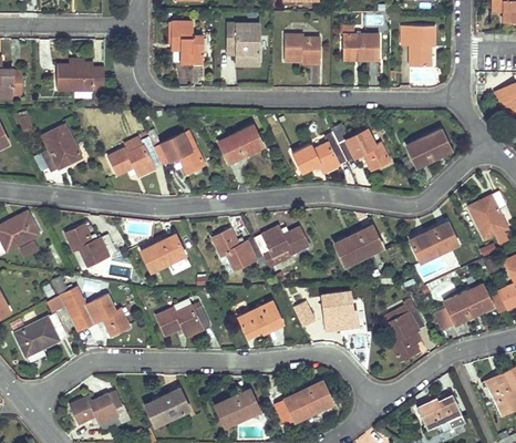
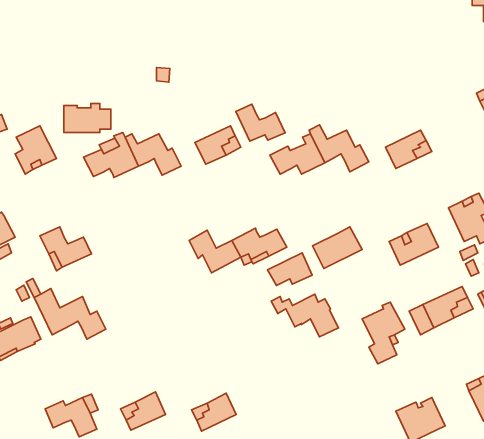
building: [171,21,203,63] -> none
building: [226,23,260,65] -> none
building: [402,25,435,66] -> none
building: [342,33,379,60] -> none
building: [285,34,320,63] -> none
building: [58,61,104,90] -> [64,103,111,133]
building: none -> [236,104,285,141]
building: [141,234,185,271] -> none
building: [238,301,282,333] -> [267,253,312,285]
building: [157,302,210,337] -> none
building: [285,380,338,421] -> none

